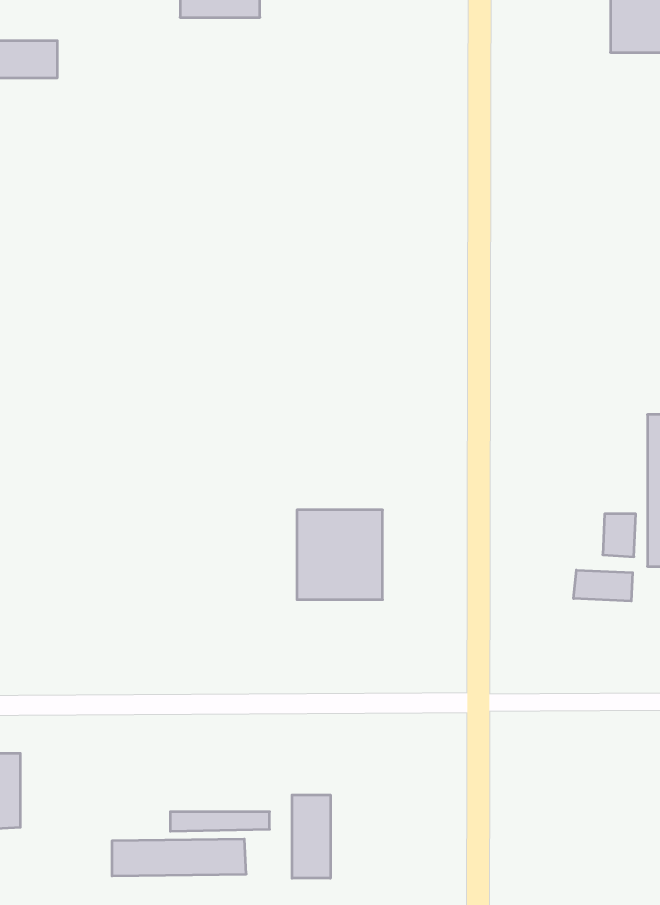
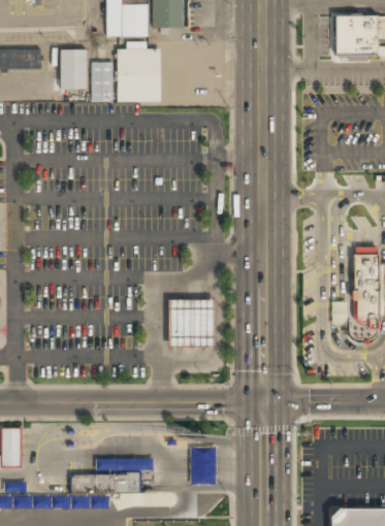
building: none -> [92,48,160,101]
building: none -> [60,50,86,90]
building: [574,570,633,601] -> none
building: [292,795,330,878] -> none

